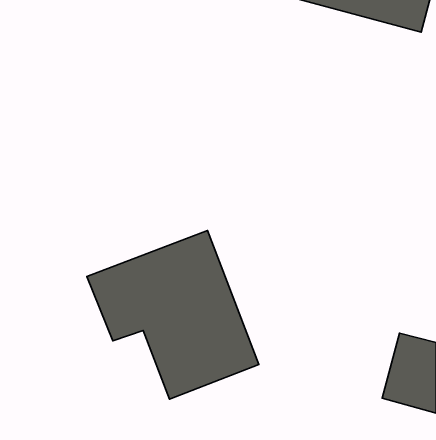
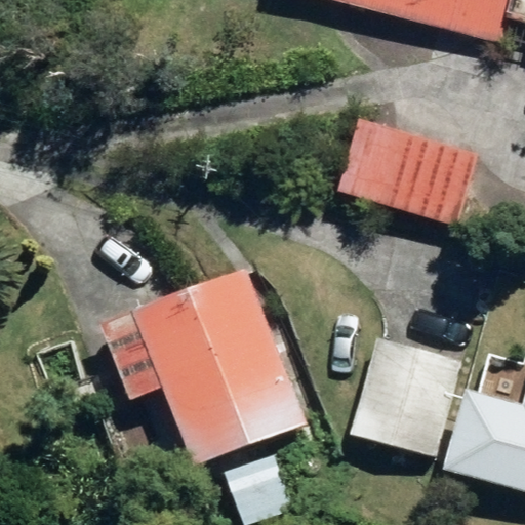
building: none -> [337,118,474,225]
building: none -> [352,336,457,456]

